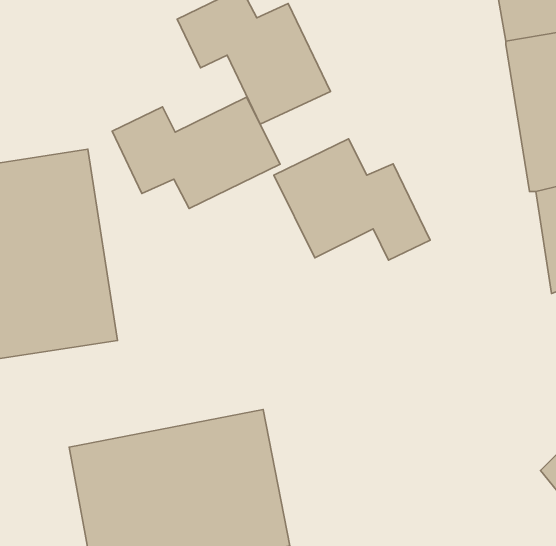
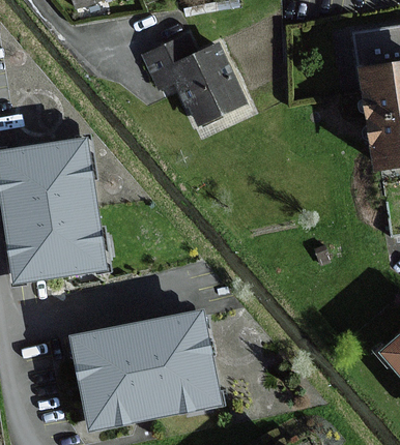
building: [112,97,280,208] -> none
building: [274,139,430,260] -> none

